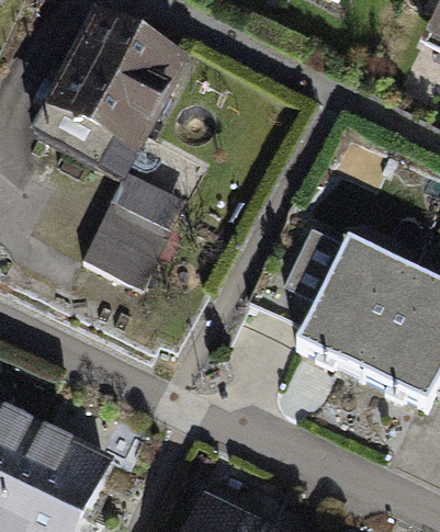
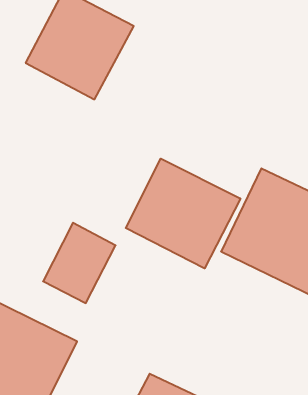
building: [83,181,174,282] -> [43,223,116,303]
building: none -> [126,159,240,268]

